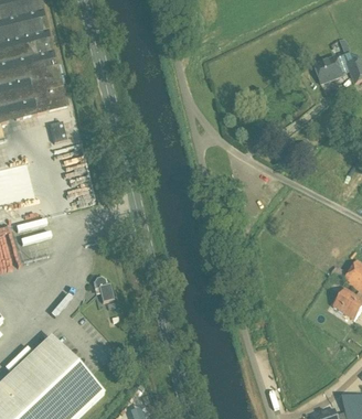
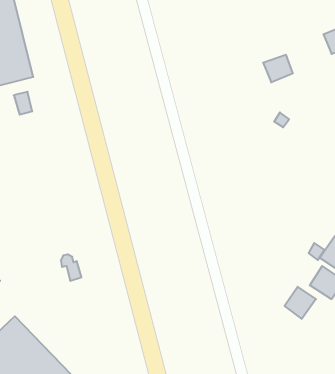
building: [312,56,341,83] -> [263,55,293,82]
building: none -> [285,287,316,319]

